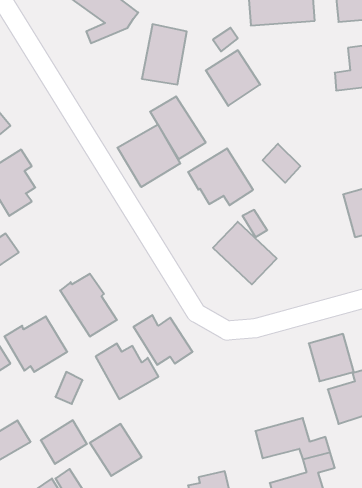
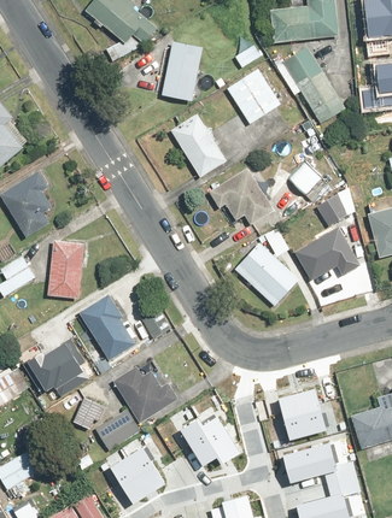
building: none -> [275,47,345,125]
building: [117,125,180,187] -> none
building: none -> [315,193,350,226]
building: none -> [294,228,359,282]
building: none -> [49,241,83,296]
building: [133,315,193,365] -> [175,414,235,465]
building: [309,334,354,381] -> [276,393,322,441]
building: [41,420,87,464] -> [94,408,141,453]

